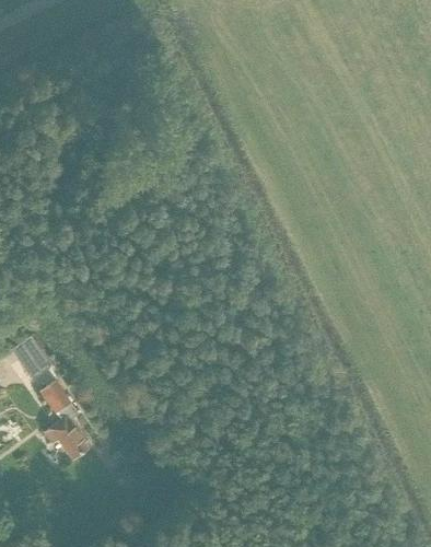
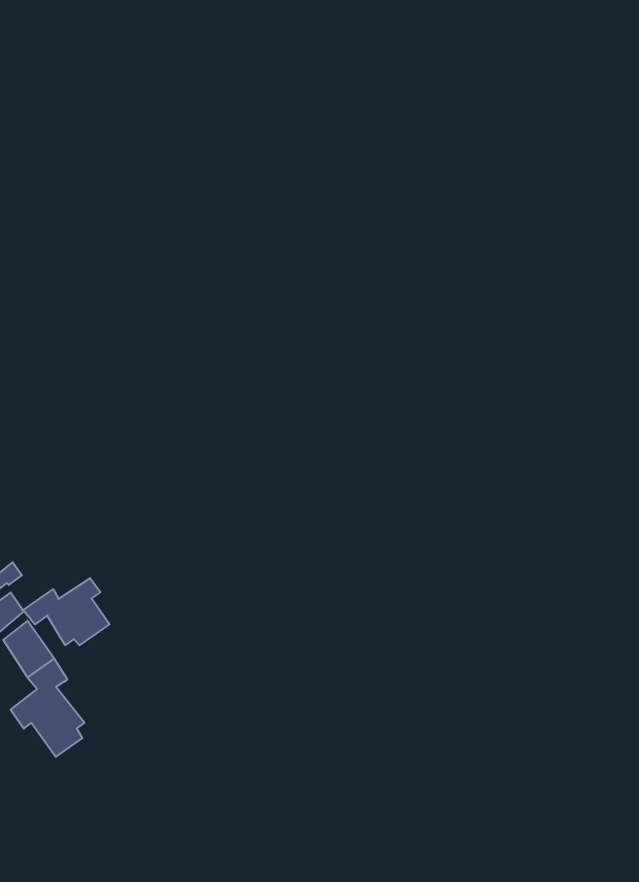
building: none -> [23,578,110,645]

